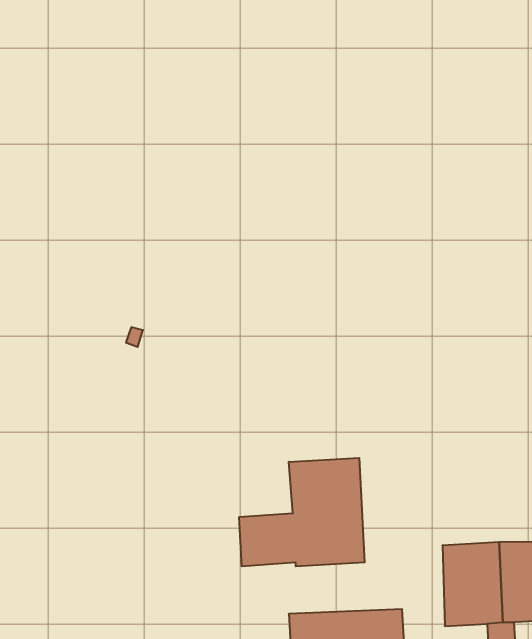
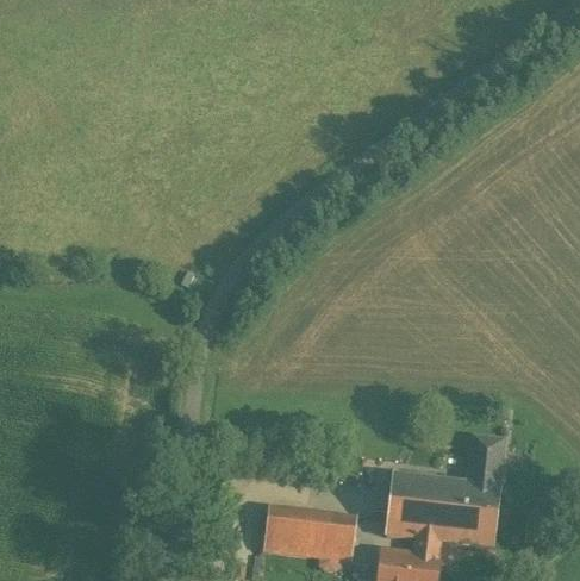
building: [239,458,365,566] -> none

